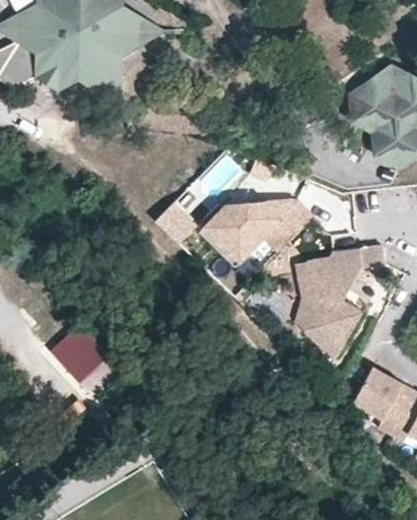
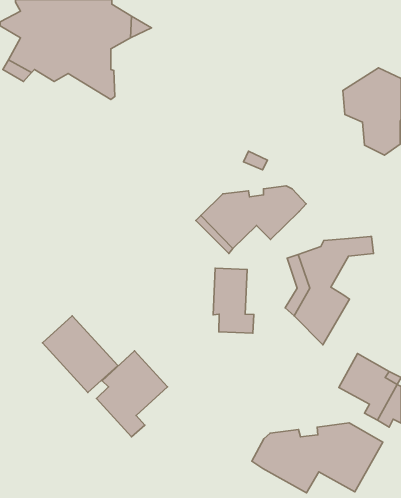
building: none -> [213,268,254,333]
building: none -> [97,351,168,437]
building: none -> [252,423,383,493]

